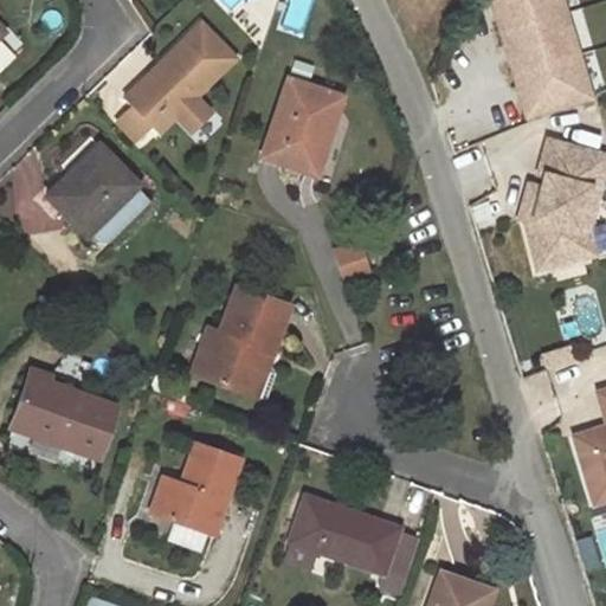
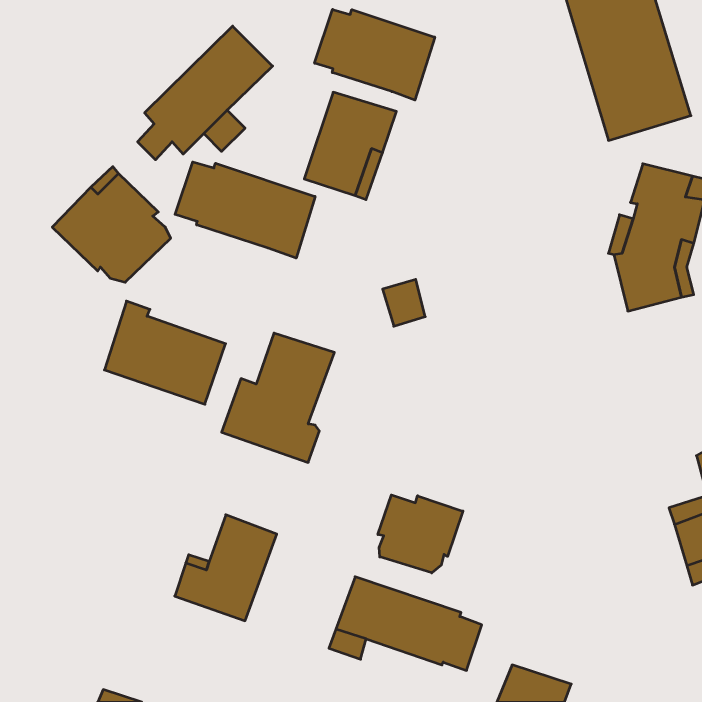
building: none -> [315,9,435,100]
building: none -> [175,162,315,258]
building: [12,368,116,457] -> [104,301,226,404]
building: none -> [378,495,463,573]

